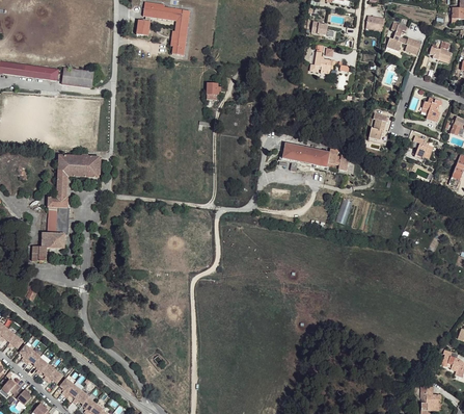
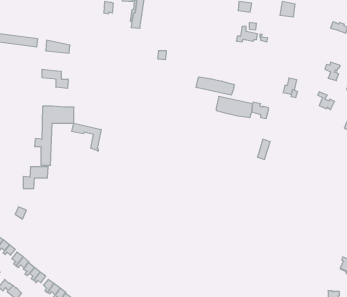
building: [388,24,421,54] -> none
building: none -> [42,69,68,88]
building: none -> [196,77,234,95]
building: none -> [72,123,101,151]

